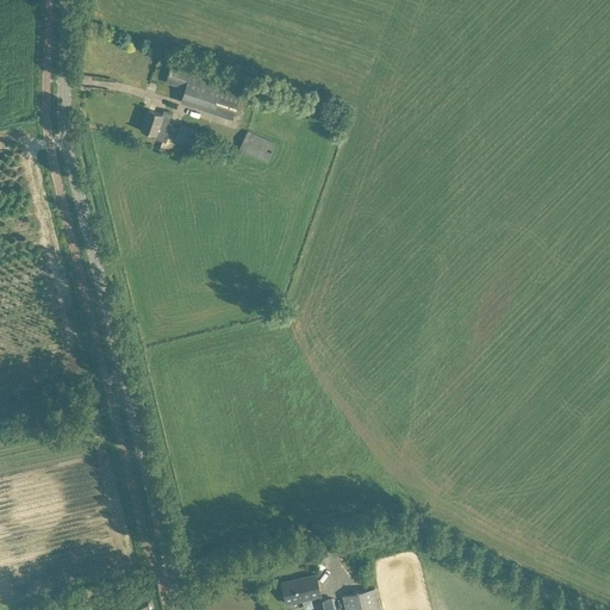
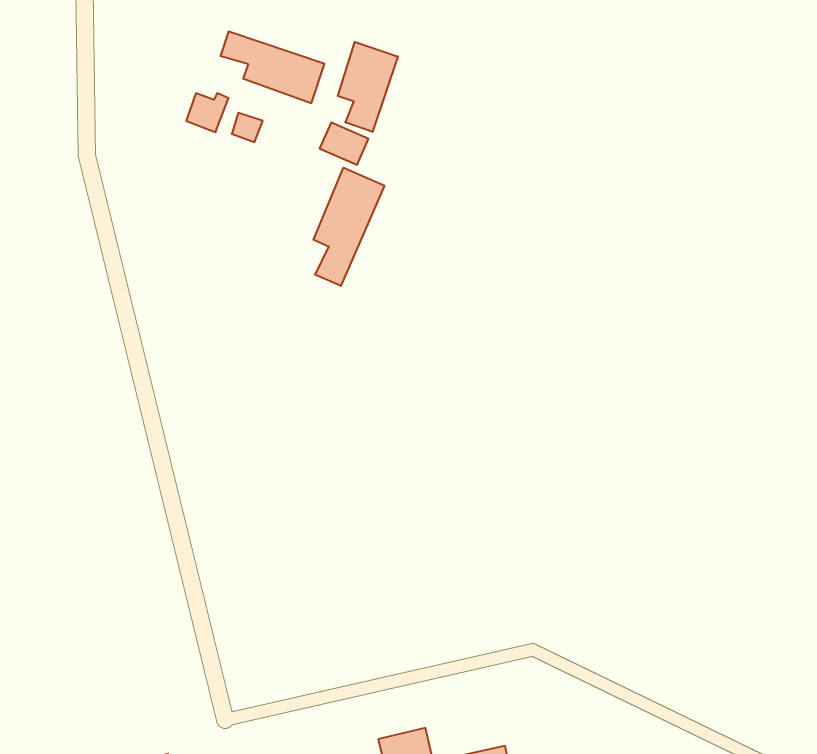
building: none -> [338,42,398,132]
building: none -> [314,168,384,286]

